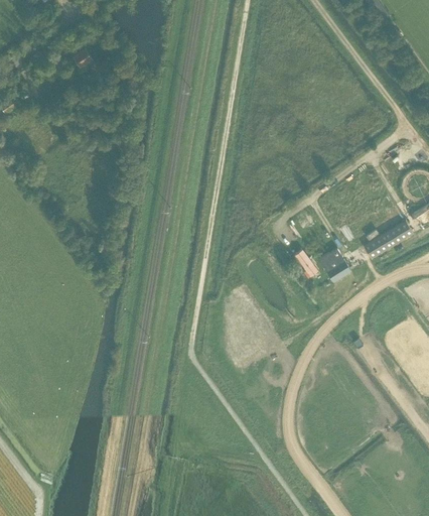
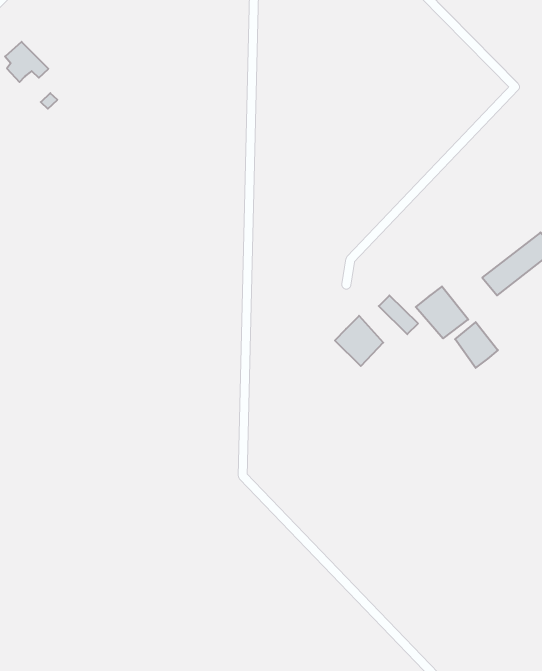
building: none -> [335,316,383,366]
building: none -> [455,322,498,368]

